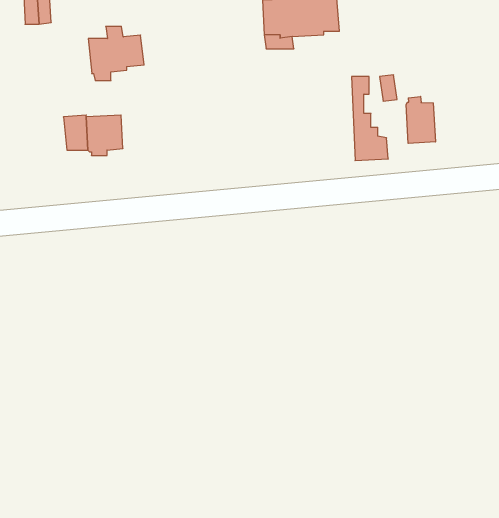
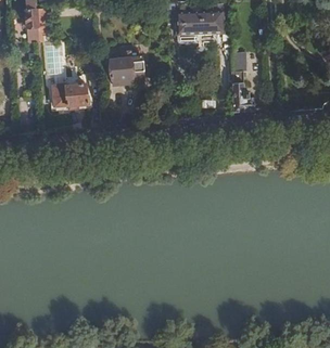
building: [88,26,144,81] -> [109,51,143,85]
building: [406,96,435,143] -> none

